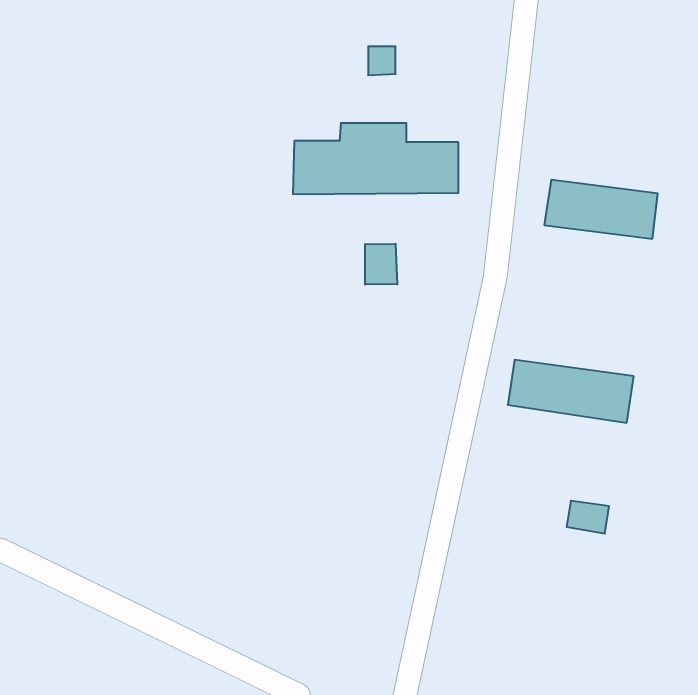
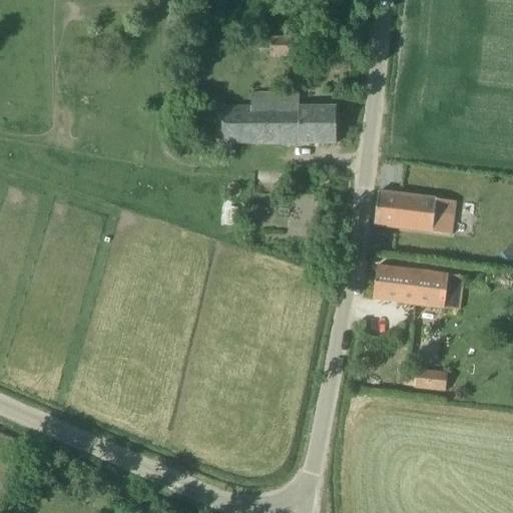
building: [544,180,658,239] -> [374,189,457,232]
building: [365,244,397,285] -> none

